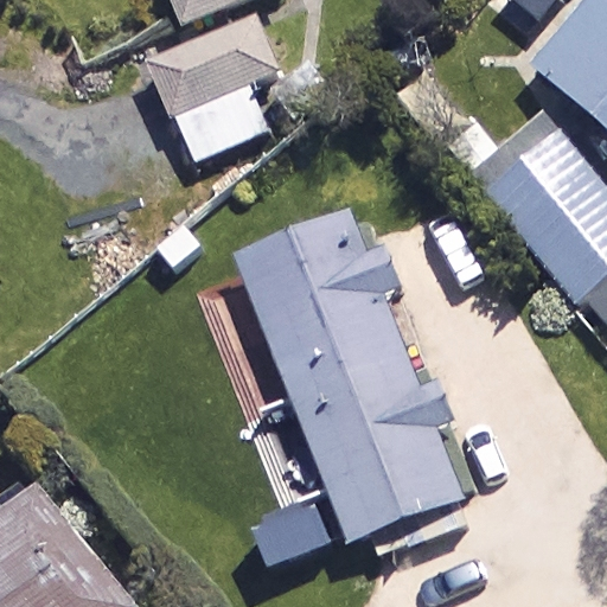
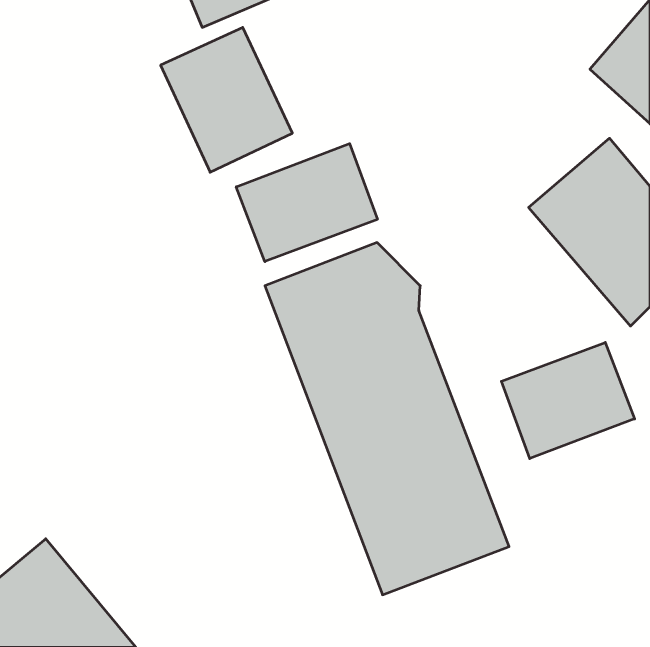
building: none -> [236,144,377,262]
building: none -> [501,342,635,459]

